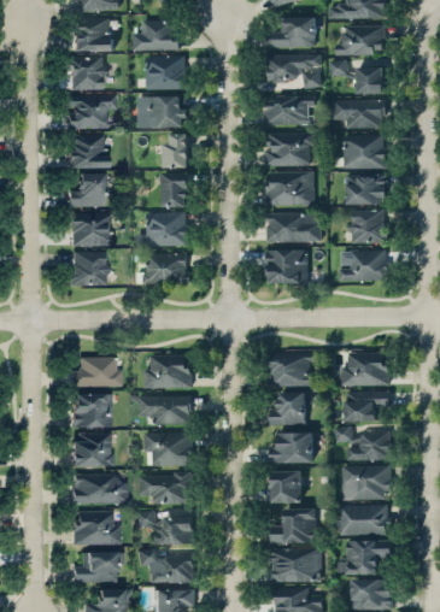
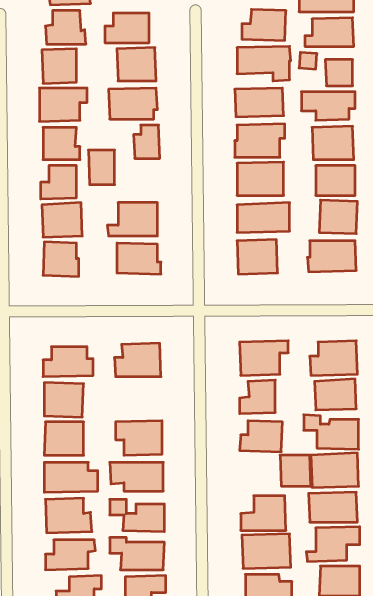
building: [162,172,188,207] -> [88,150,115,185]
building: [137,396,192,424] -> none
building: [271,471,303,502] -> [280,455,311,486]

